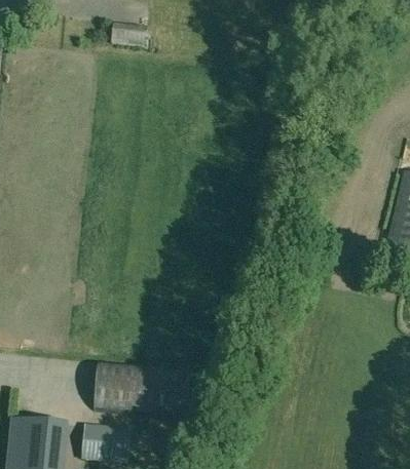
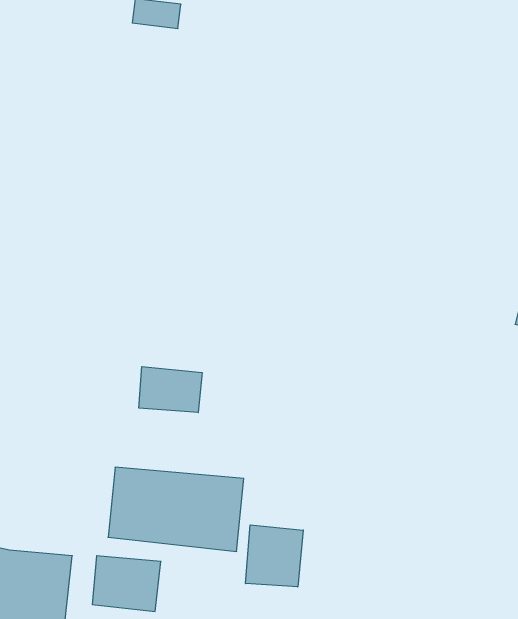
building: none -> [139,367,202,413]
building: none -> [246,525,303,587]

